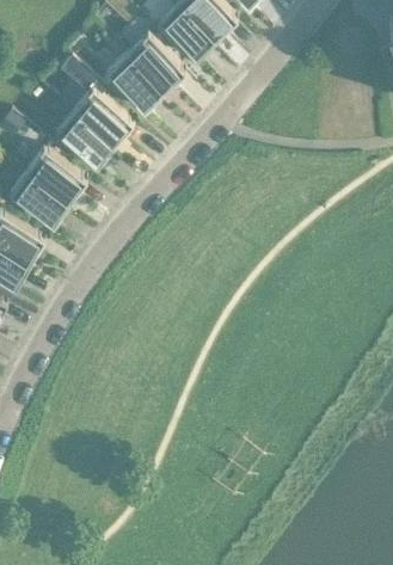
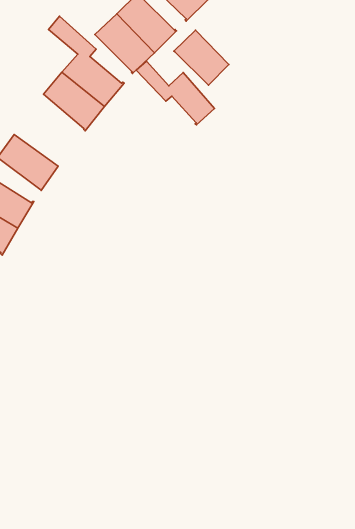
building: none -> [174,30,229,85]
building: none -> [136,61,215,125]
building: [24,152,85,207] -> none

